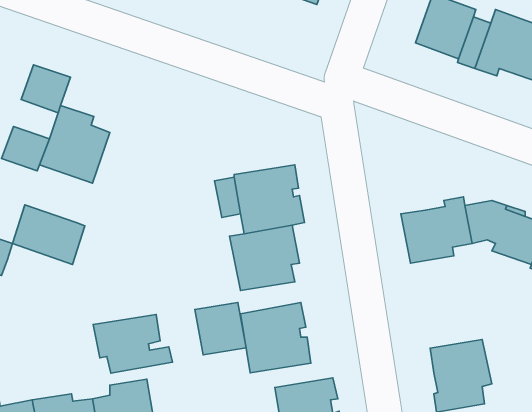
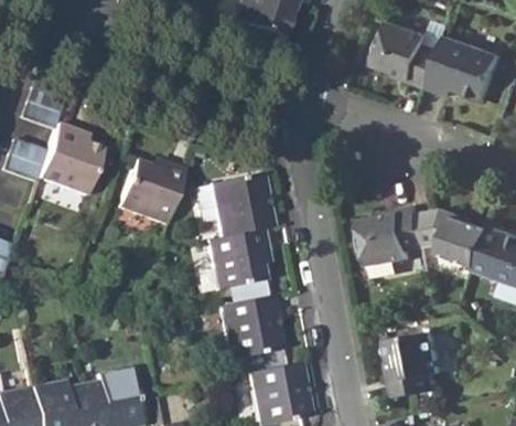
building: none -> [119,156,185,221]
building: [12,205,85,265] -> none
building: [195,303,246,355] -> none
building: [93,314,172,373] -> none

